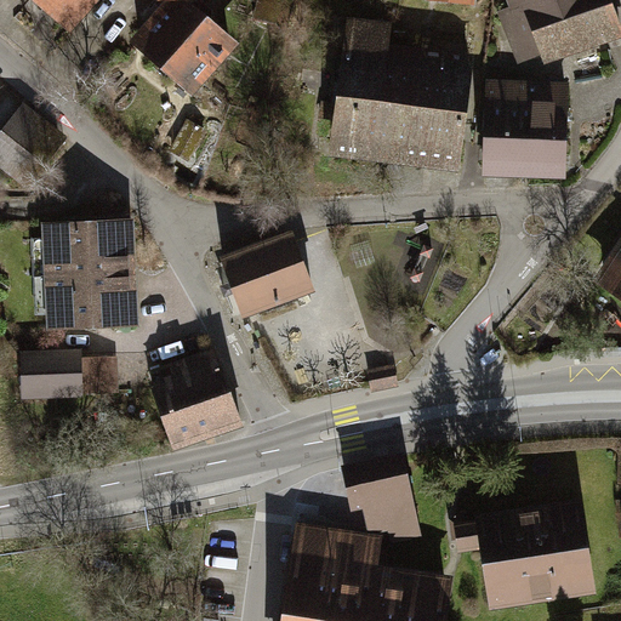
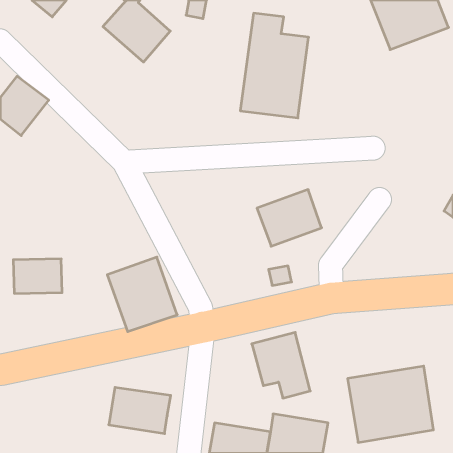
building: [408,51,471,169] -> none
building: [485,82,562,172] -> none
building: [38,222,139,342] -> none
building: [221,235,309,313] -> [257,190,322,246]
building: [85,351,123,395] -> none
building: [294,528,378,591] -> [109,387,171,434]

